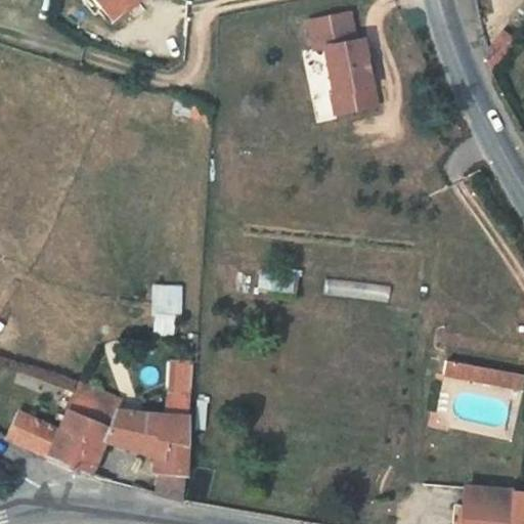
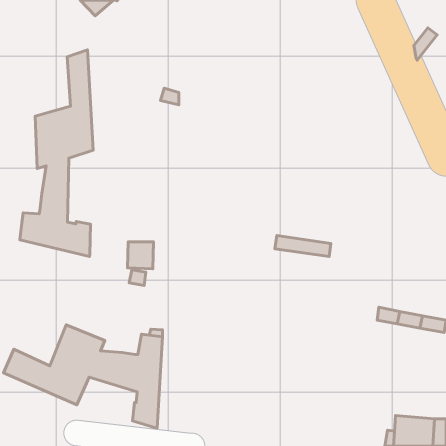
building: [311,13,379,114] -> none
building: none -> [20,50,93,257]

